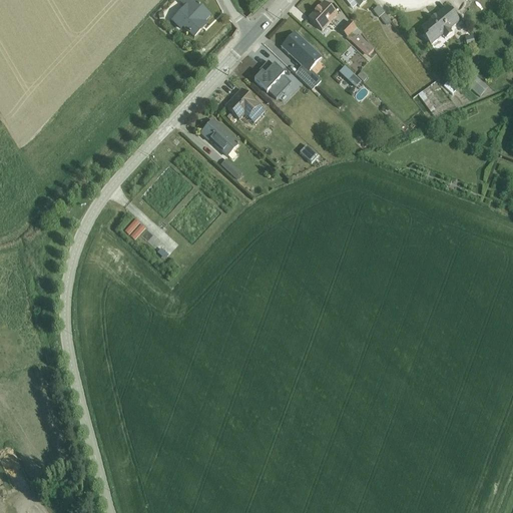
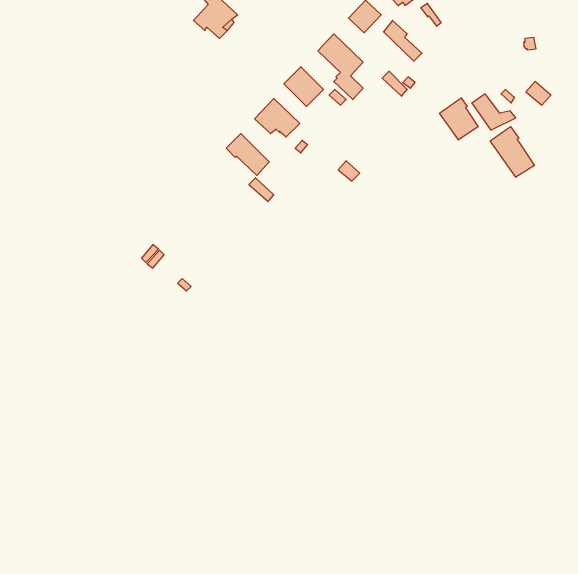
building: [421,4,460,44] -> none
building: none -> [440,98,478,140]
building: none -> [490,127,534,177]

